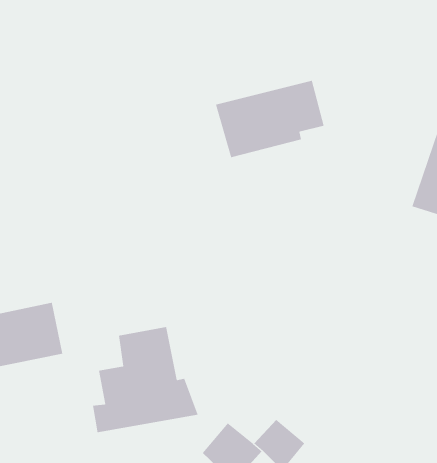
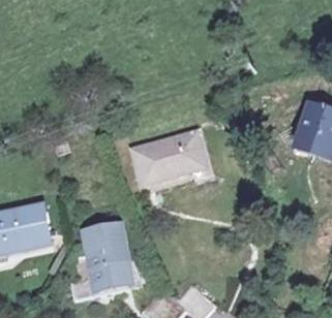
building: [215,80,325,158] -> [135,131,210,184]

